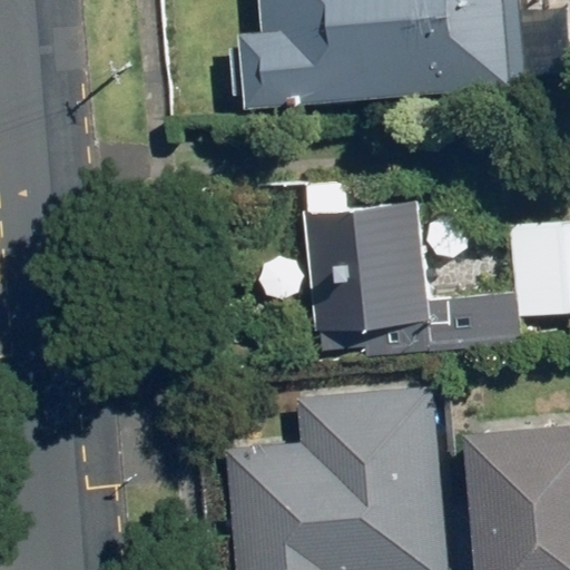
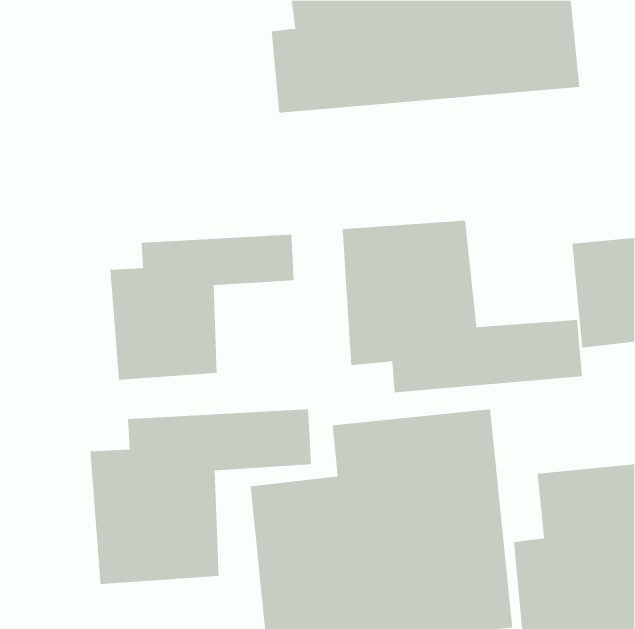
building: none -> [110,234,294,380]
building: none -> [90,409,312,585]

